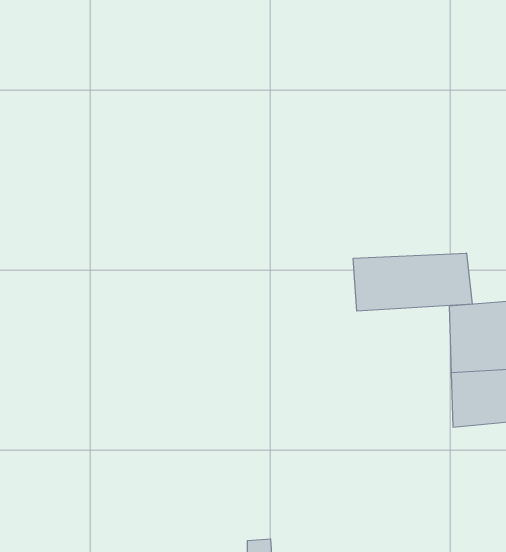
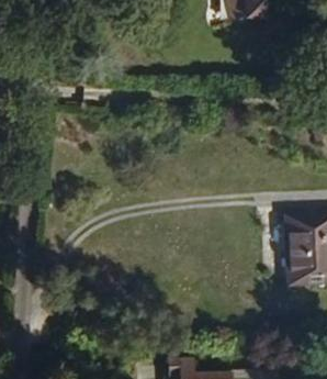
building: [353,253,472,311] -> none

